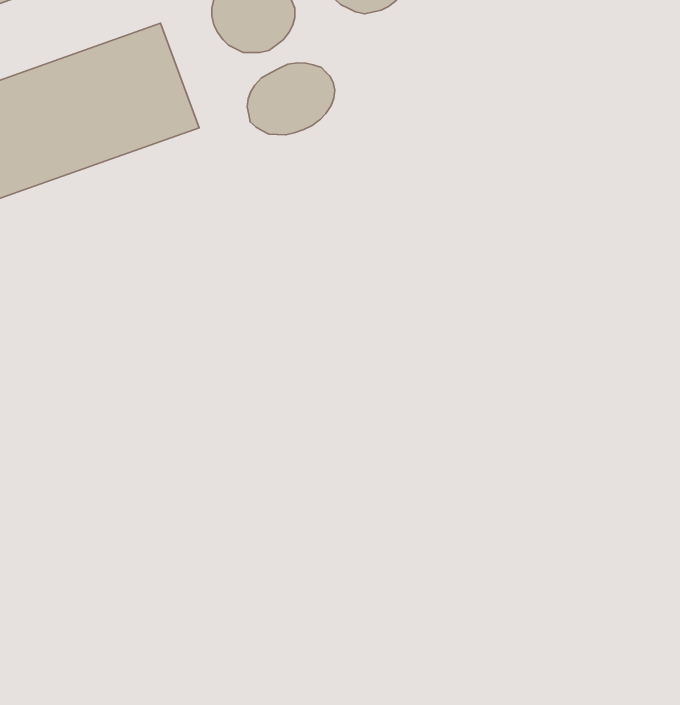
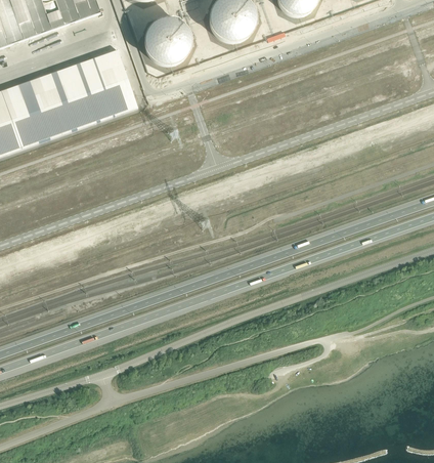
building: [247,63,335,135] -> none

